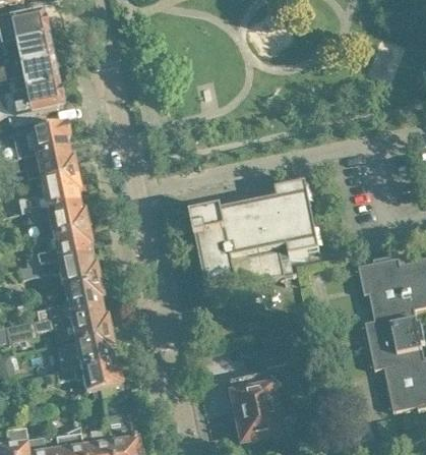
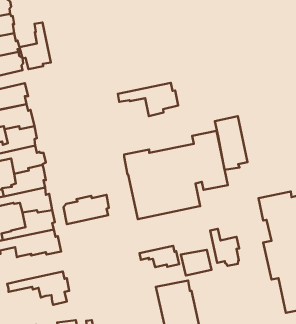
building: none -> [20,23,51,69]
building: none -> [118,83,178,116]
building: none -> [215,116,247,170]
building: none -> [210,229,239,266]
building: none -> [139,246,179,267]
building: [57,333,114,369] -> [64,195,109,224]

